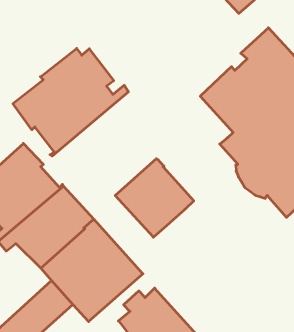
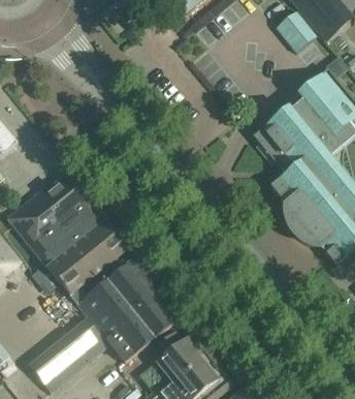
building: [13,48,128,156] -> none
building: [115,159,194,237] -> none

